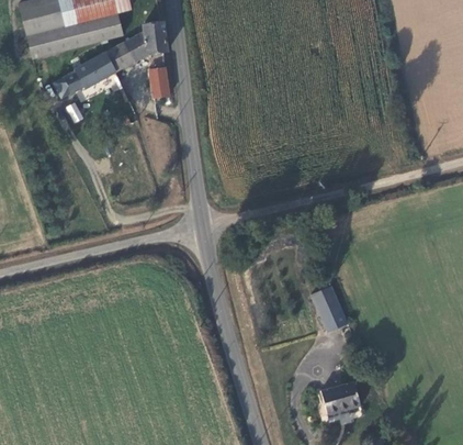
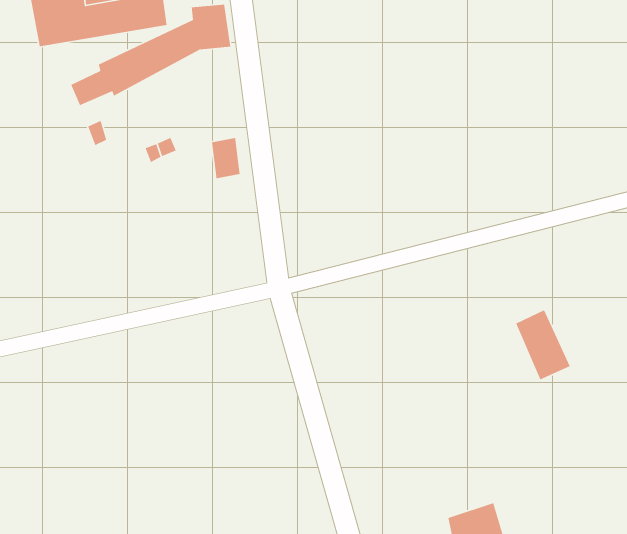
building: [146,70,167,100] -> [211,137,241,179]
building: [308,282,348,333] -> [515,309,571,380]

